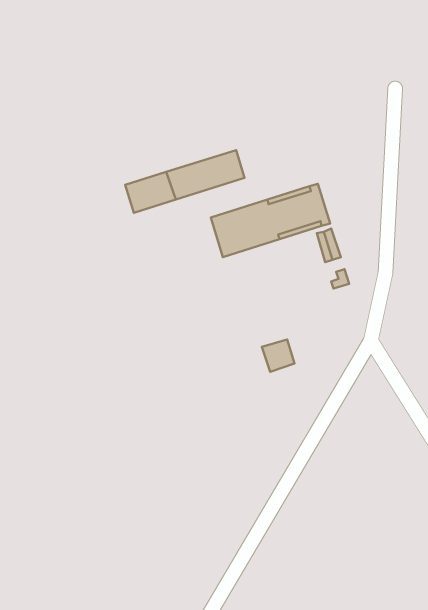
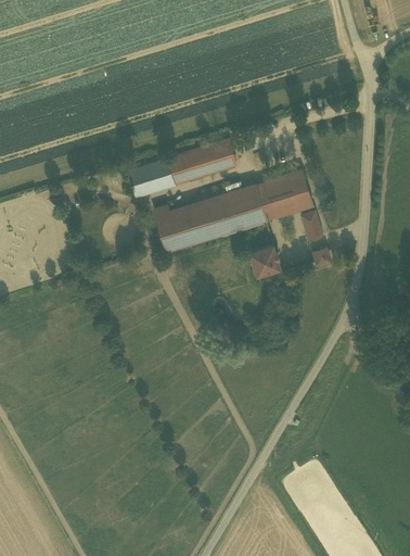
building: none -> [154,200,217,251]
building: [262,339,294,372] -> [251,245,280,275]

